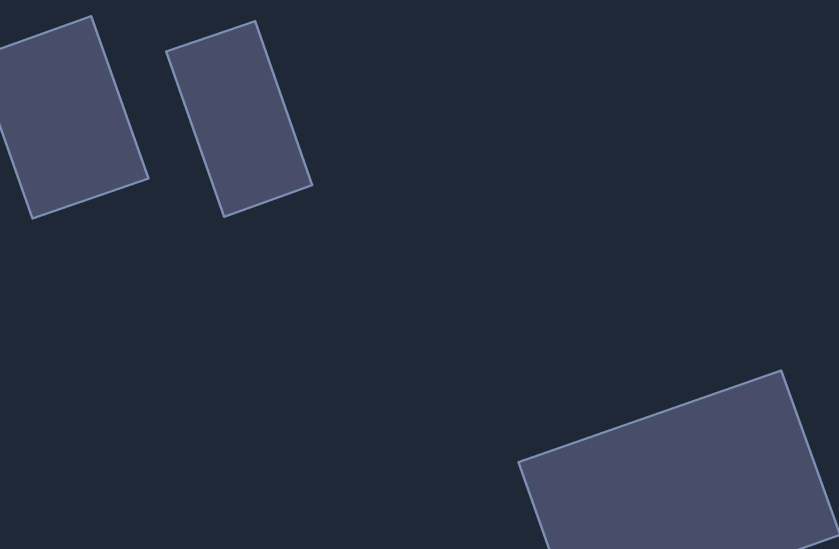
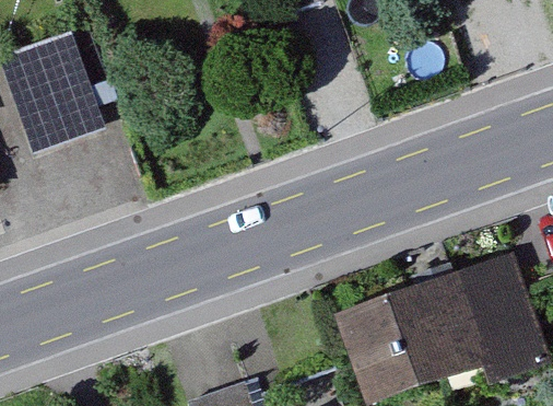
building: [166,21,312,217] -> none

